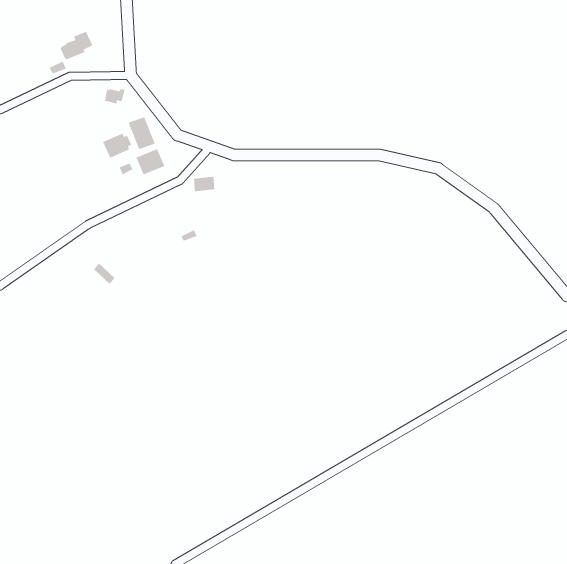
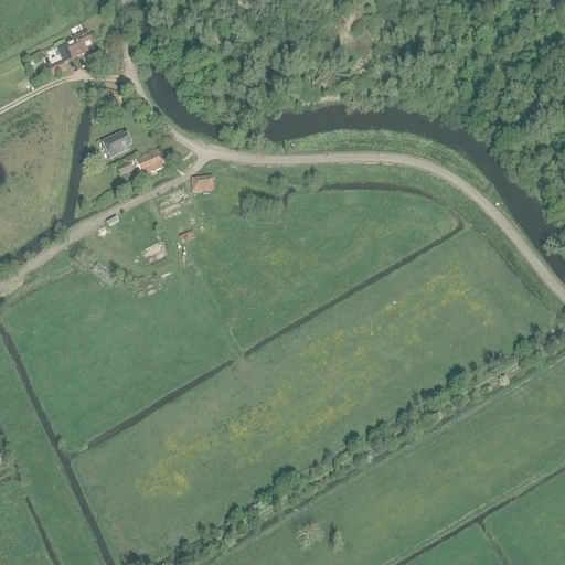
building: [128,116,156,150] -> none

